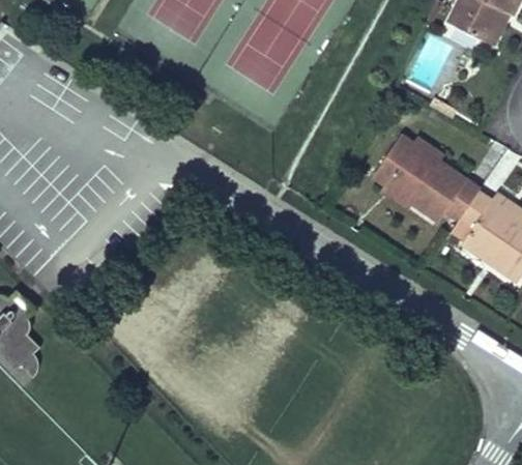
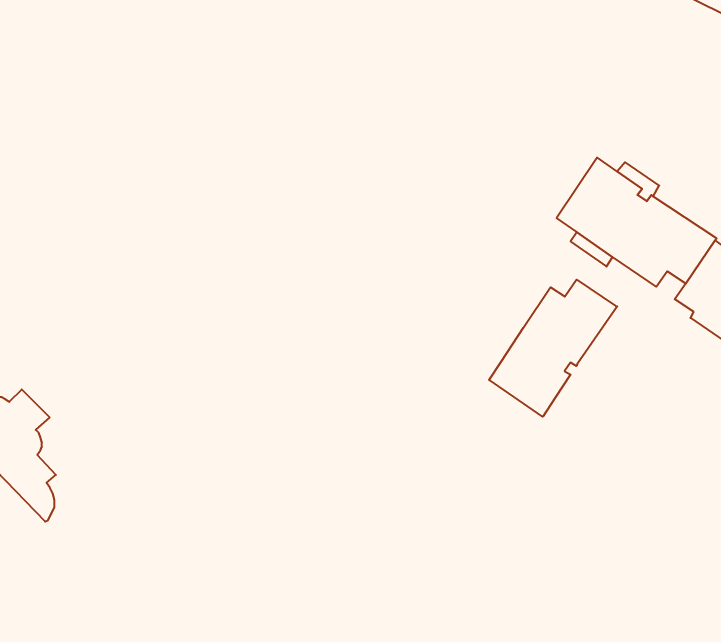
building: none -> [489,280,617,417]

